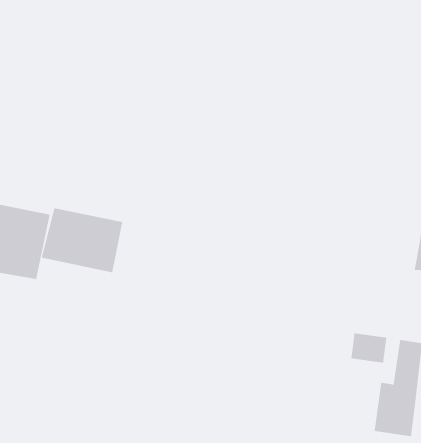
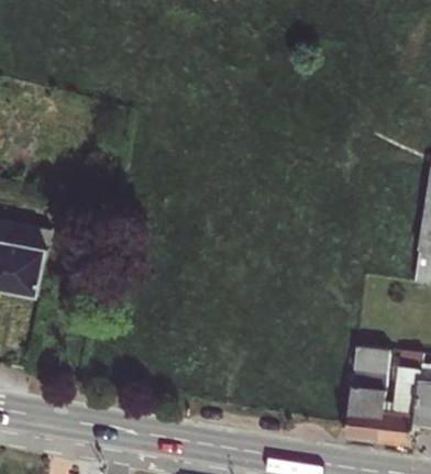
building: [41,208,123,273] -> none
building: none -> [343,367,384,437]

